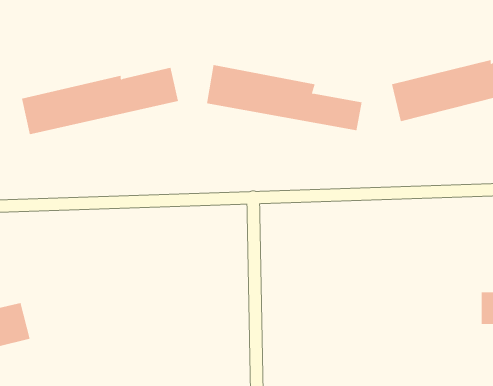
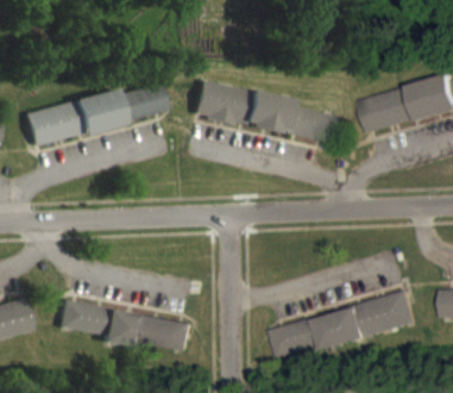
building: none -> [271,294,416,357]
building: none -> [54,300,193,350]

